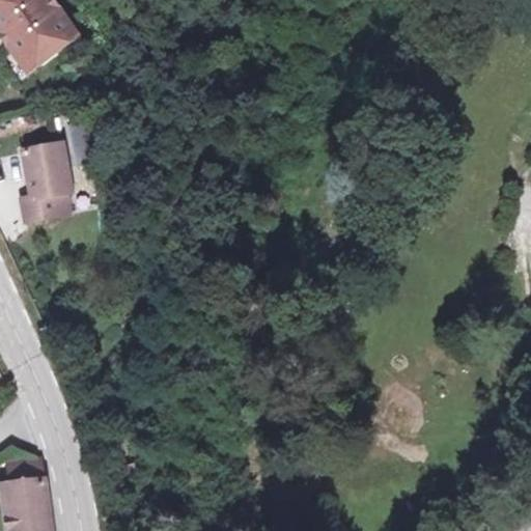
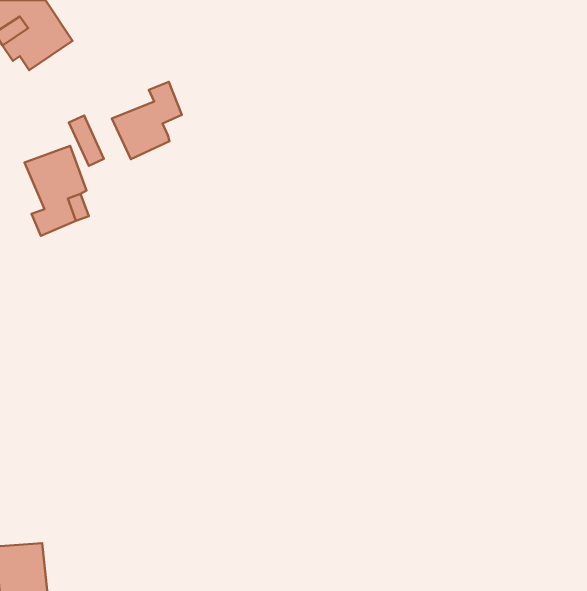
building: none -> [112,82,182,159]

